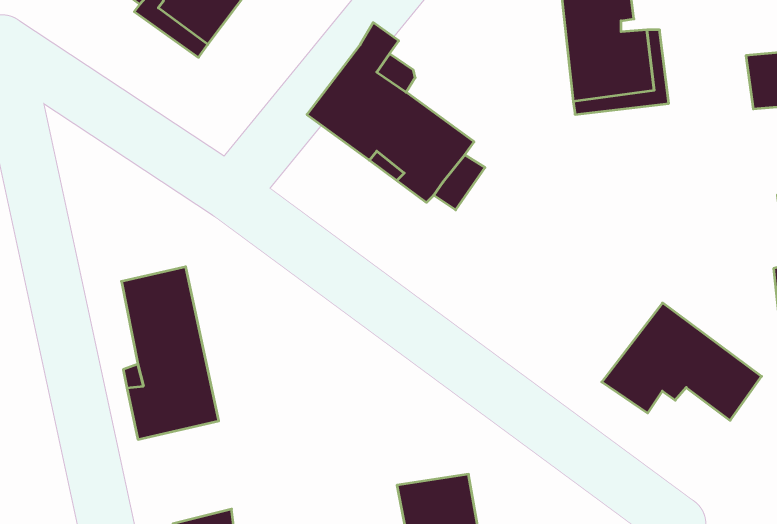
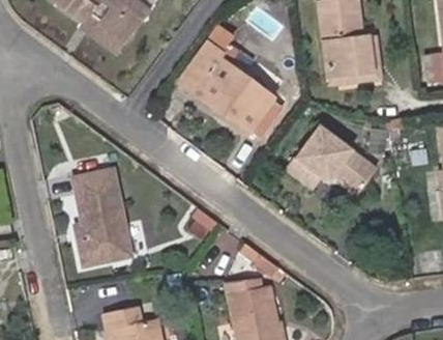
building: [602,303,762,420] -> [287,123,377,190]

